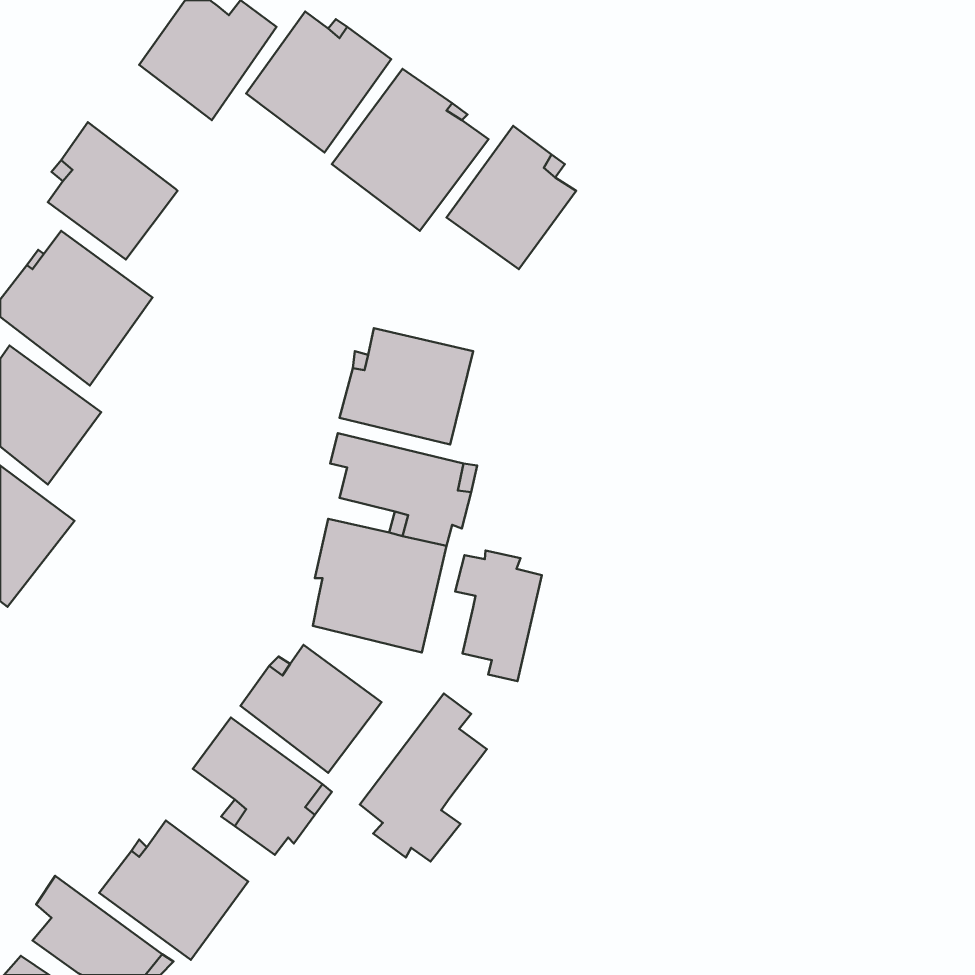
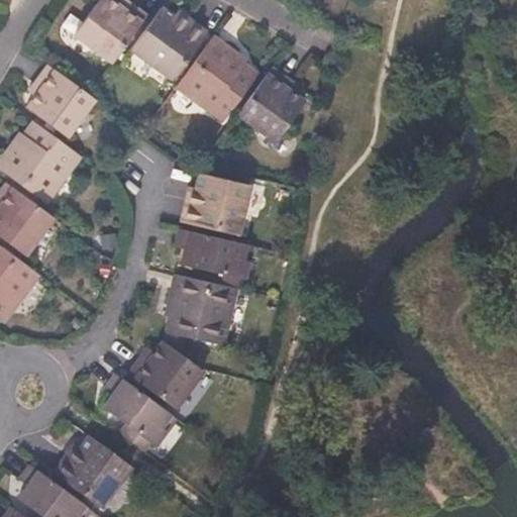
building: [455,551,542,681] -> none
building: [360,693,487,861] -> none

